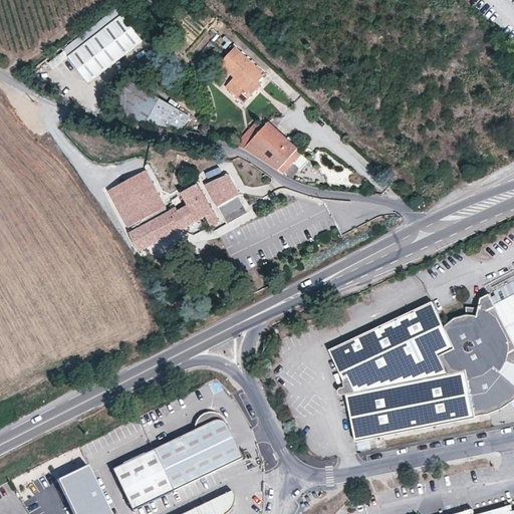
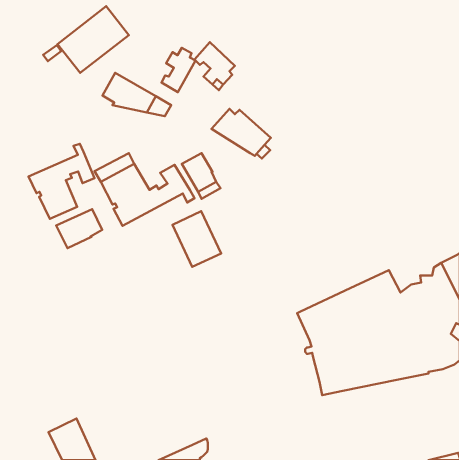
building: none -> [161,48,195,92]
building: none -> [29,144,94,219]
building: none -> [56,209,102,248]
building: none -> [172,211,221,267]
building: [111,411,243,509] -> none

